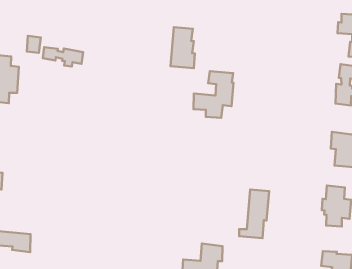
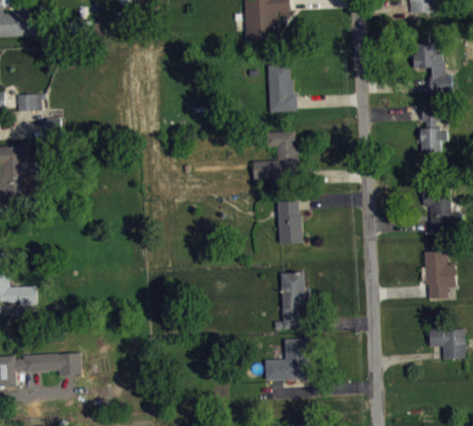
building: none -> [18,94,46,111]
building: [171,27,195,68] -> [268,64,298,112]
building: [43,47,83,67] -> none
building: none -> [271,201,303,245]
building: [239,190,269,238] -> [274,273,305,331]

